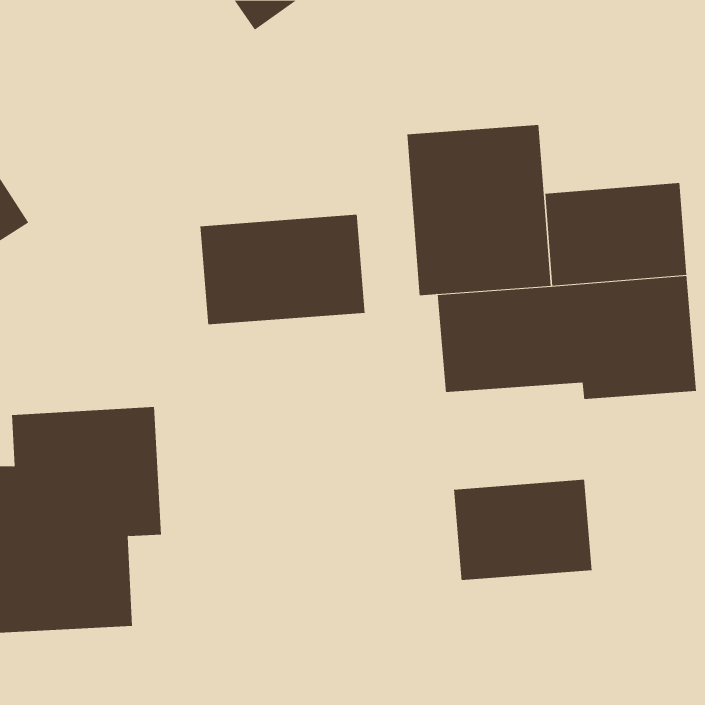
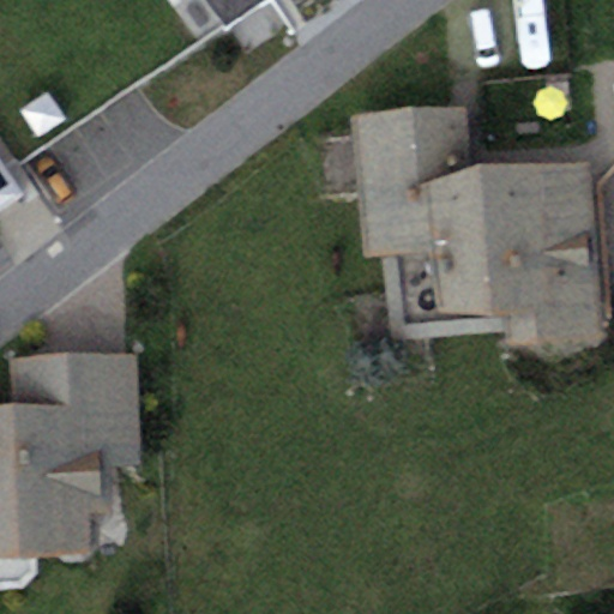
building: [200,214,365,325] -> none
building: [454,479,592,581] -> none

